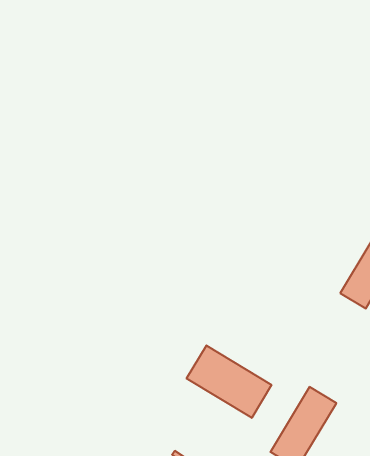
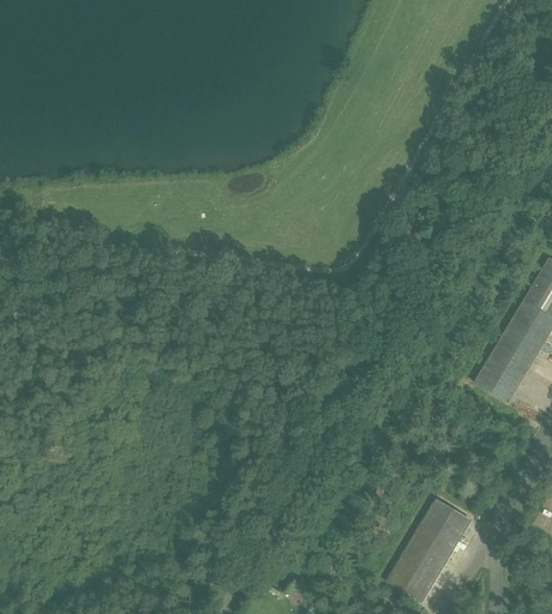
building: [187,345,271,418] -> none

